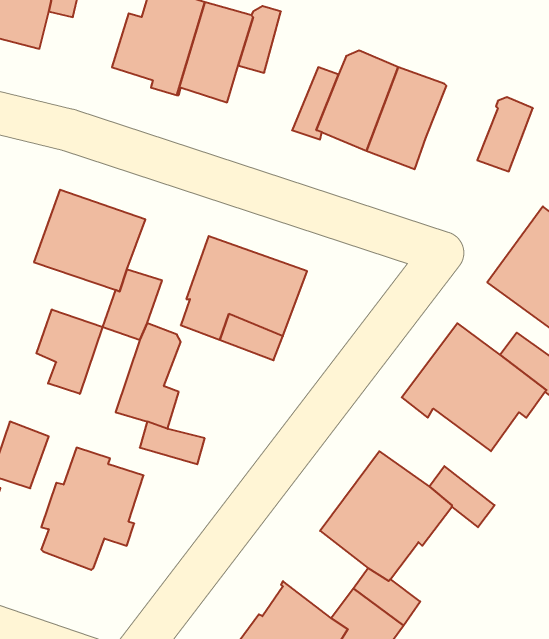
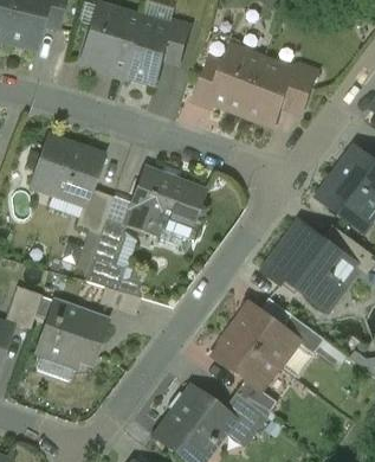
building: [477,97,533,171] -> [280,64,316,111]
building: [36,309,103,394] -> none

